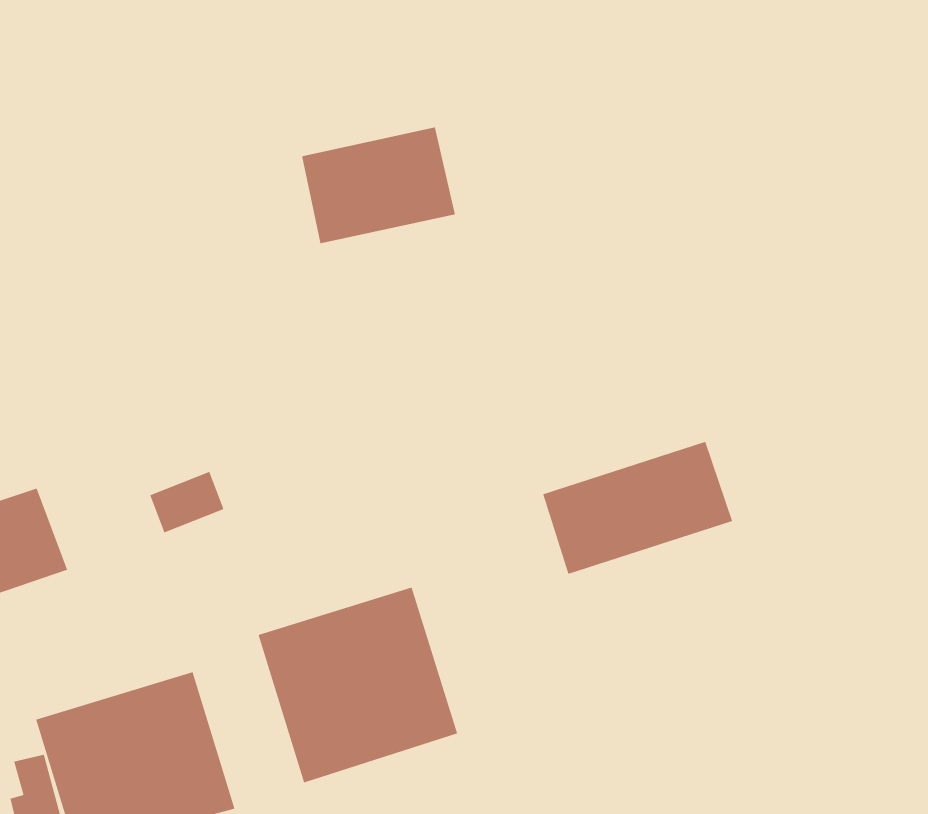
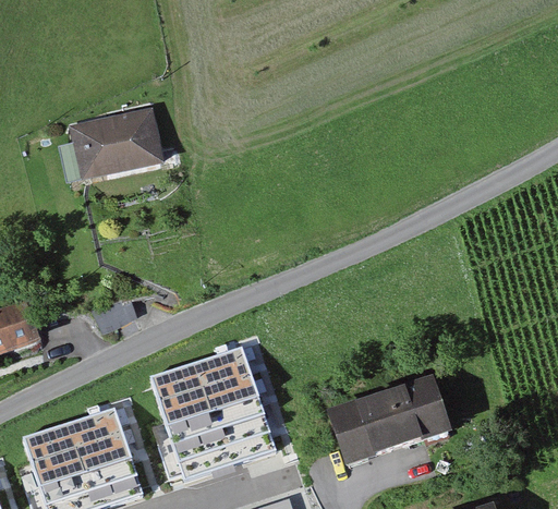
building: [301,126,456,244] -> [69,104,160,173]
building: [542,441,733,575] -> [332,380,446,460]

